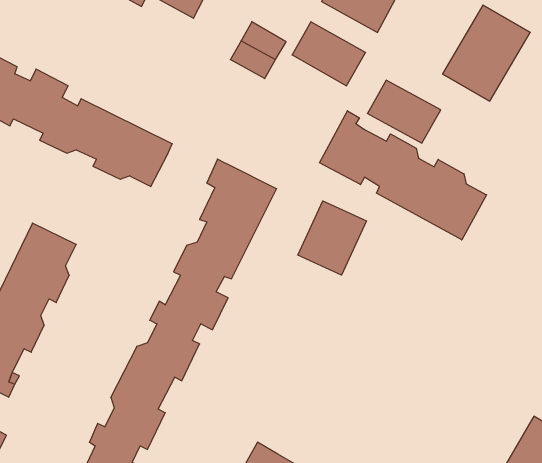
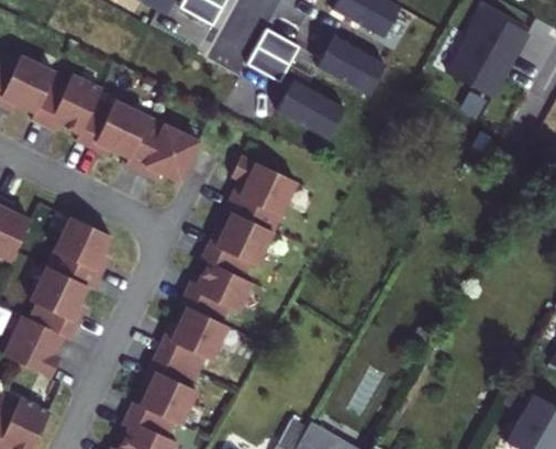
building: [367,80,441,143] -> [283,80,352,139]
building: [320,111,487,240] -> none
building: [298,201,367,275] -> none

